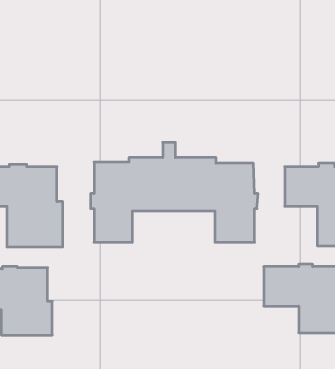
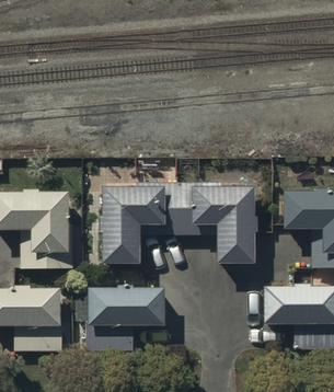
building: none -> [87,287,163,349]

